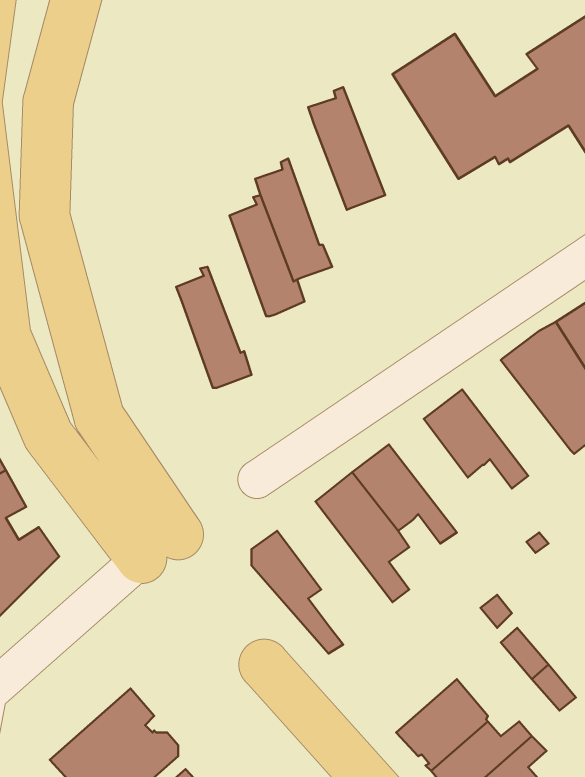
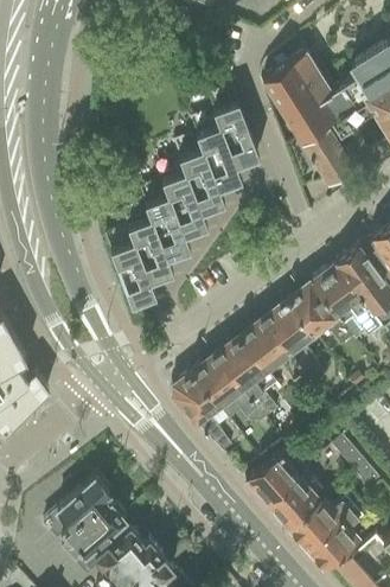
building: none -> [193,111,242,190]
building: none -> [305,133,353,186]
building: none -> [141,180,191,260]
building: none -> [106,226,156,306]
building: none -> [309,264,379,342]
building: none -> [262,302,325,383]
building: none -> [190,356,264,425]
building: none -> [247,445,306,505]

